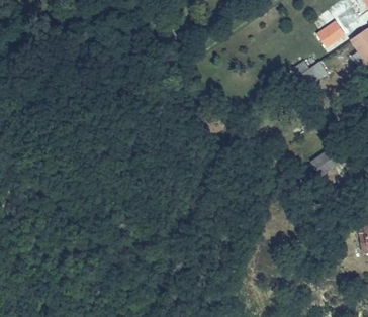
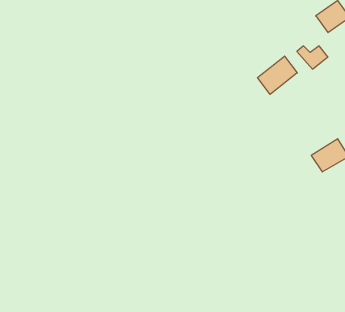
building: none -> [258,56,297,94]

